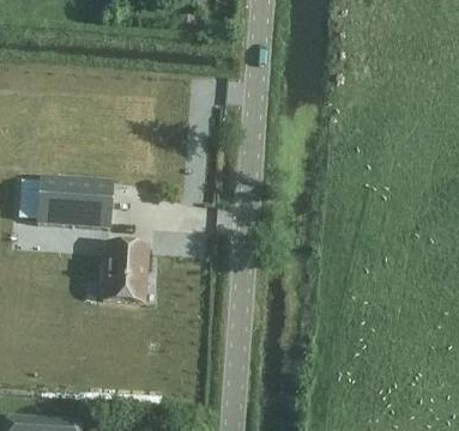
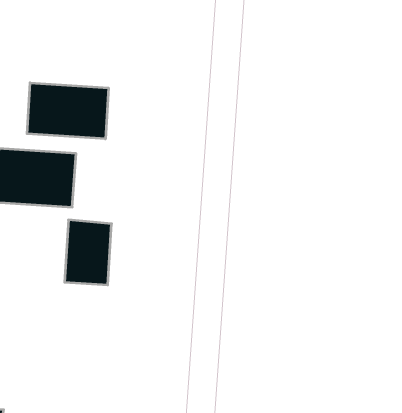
building: none -> [27,83,108,139]

